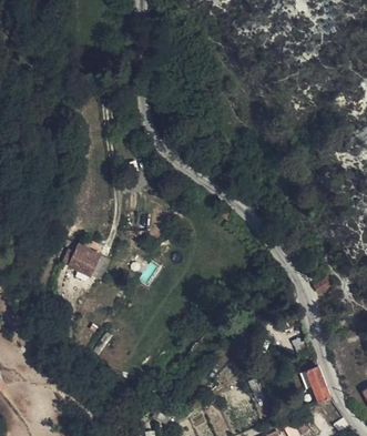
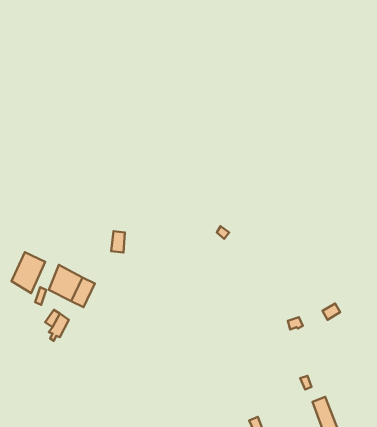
building: none -> [11,252,45,293]

